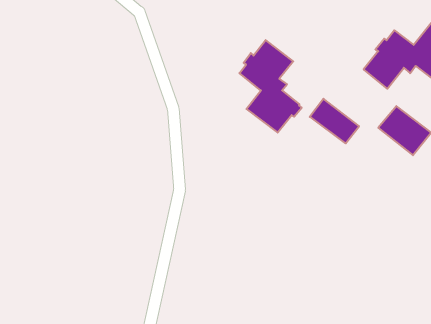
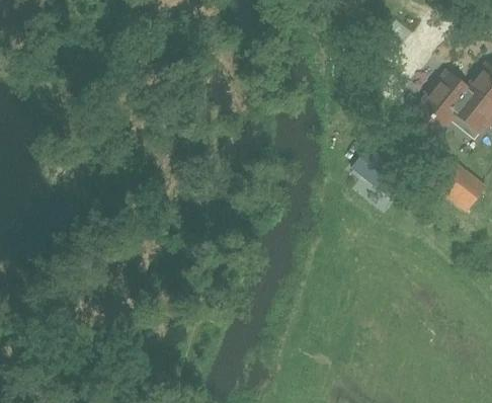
building: [239,40,302,133] -> none

